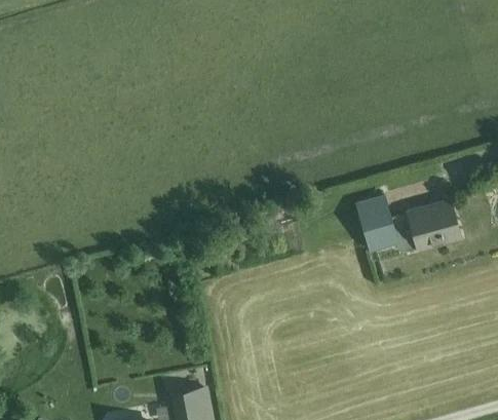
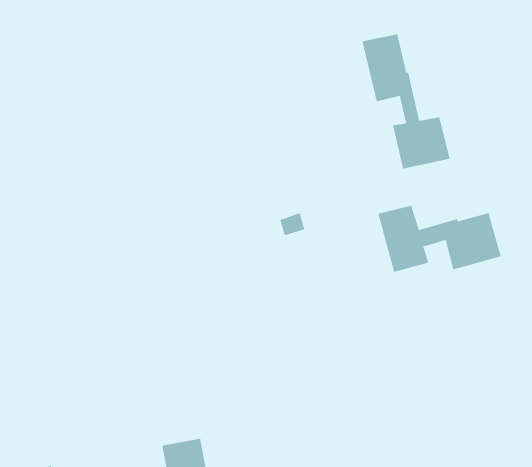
building: none -> [362,33,450,169]

